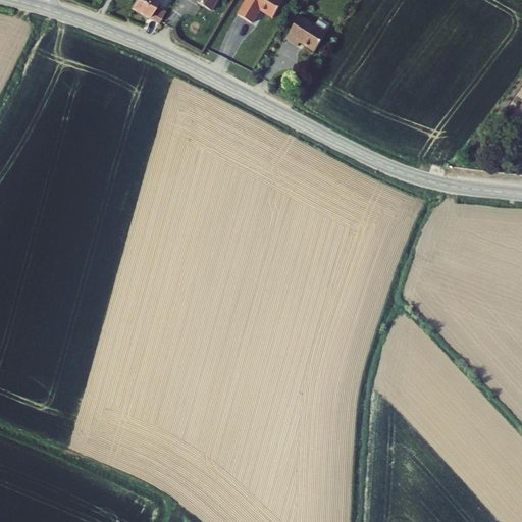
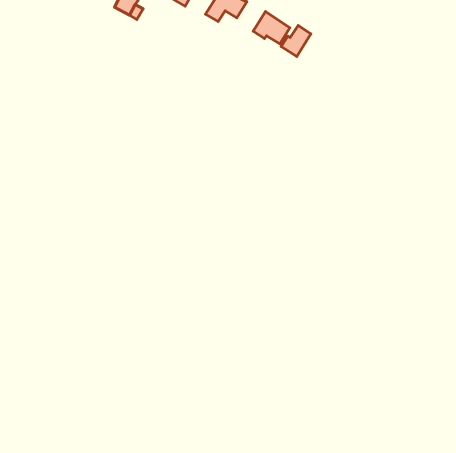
building: none -> [281,26,311,56]

